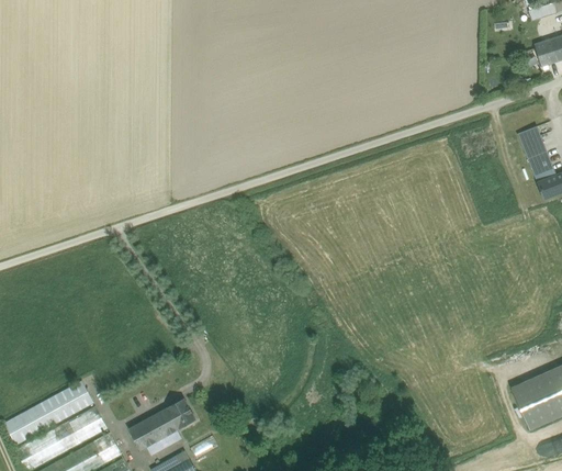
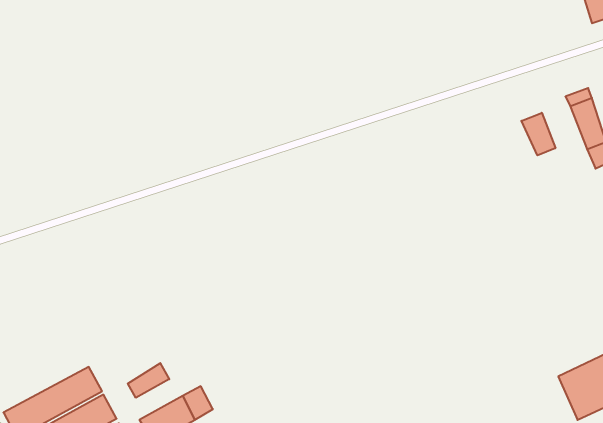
building: none -> [521,113,555,155]
building: none -> [128,363,169,398]

